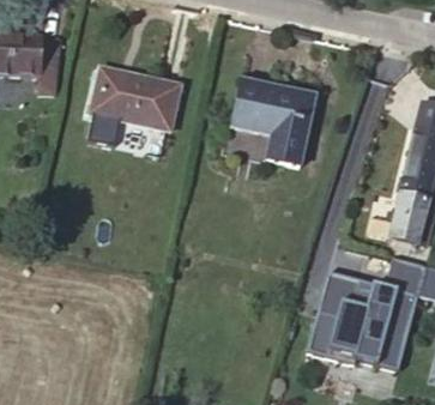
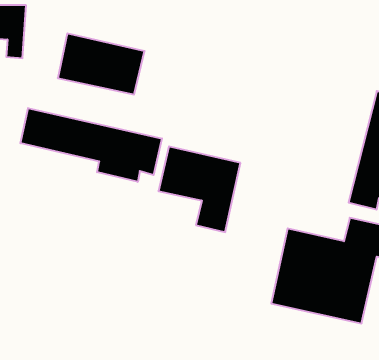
building: [230,79,314,167] -> [158,146,240,232]
building: none -> [20,108,162,182]

